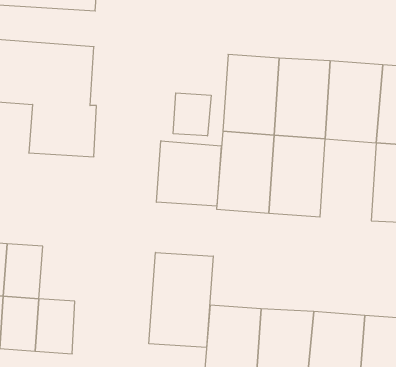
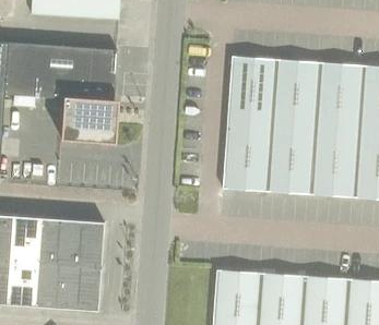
building: [173,93,211,136] -> none
building: none -> [310,128,358,197]
building: [156,141,221,206] -> none
building: none -> [70,219,104,266]
building: [149,252,213,347] -> none

